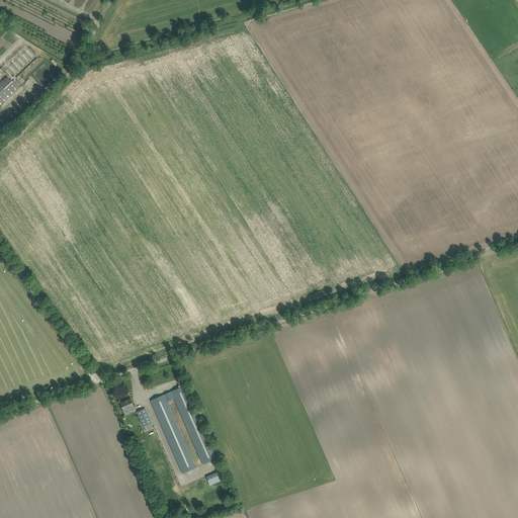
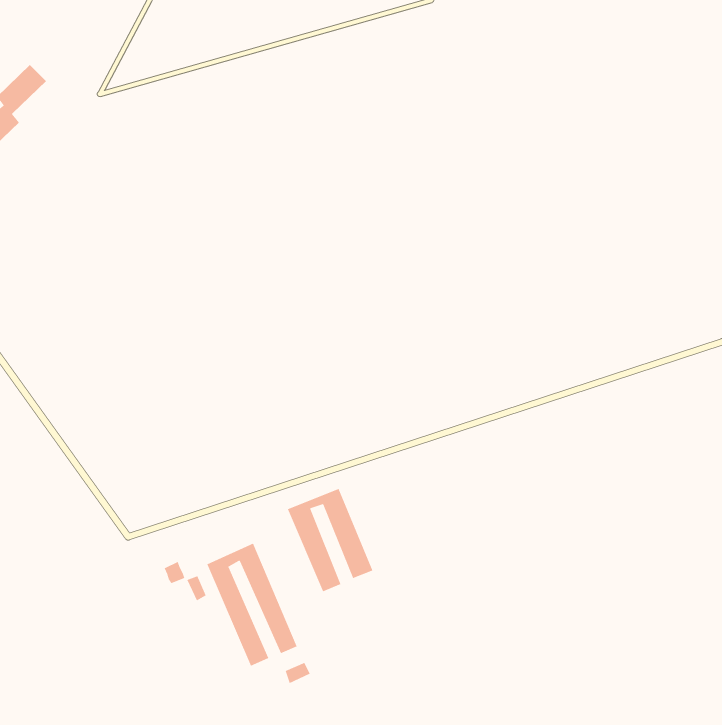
building: none -> [287,488,373,592]

